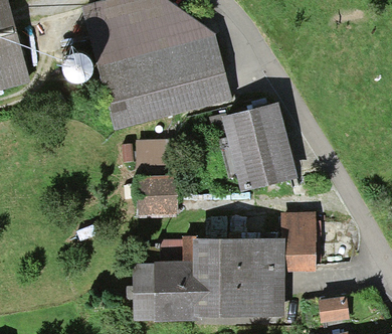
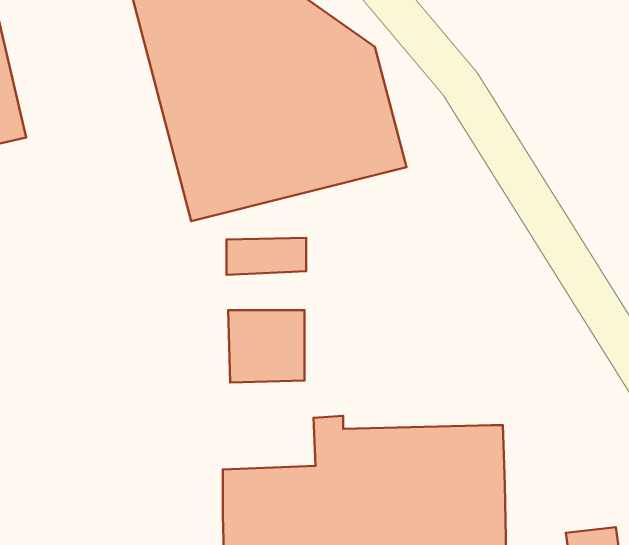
building: [220,100,299,191] -> none
building: [278,213,316,273] -> none

